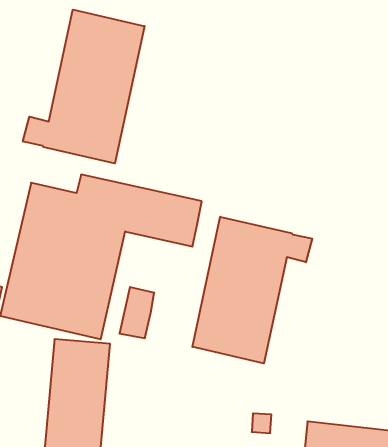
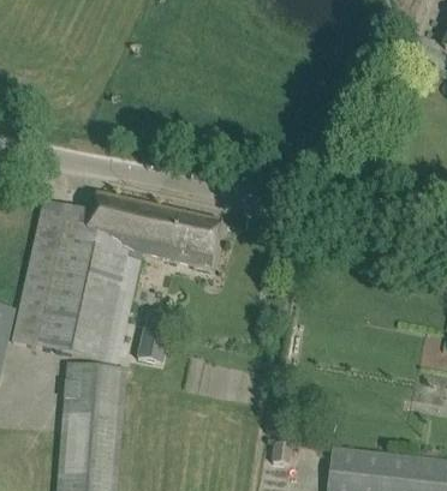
building: [23,10,145,163] -> none
building: [192,217,312,363] -> none

